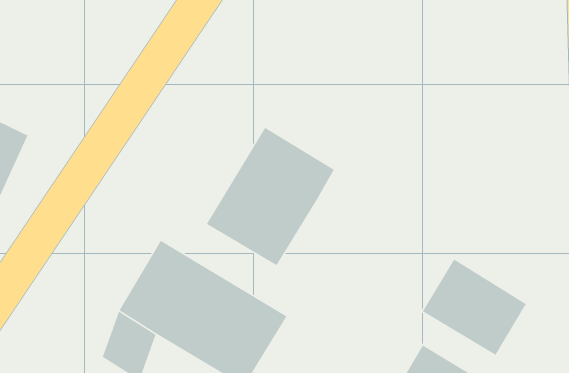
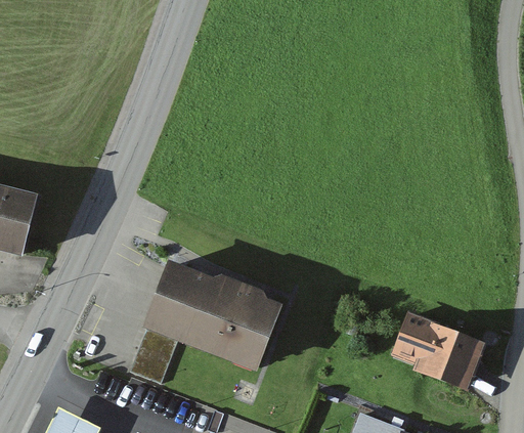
building: [206,127,335,266] -> none
building: [422,258,527,356] -> none

